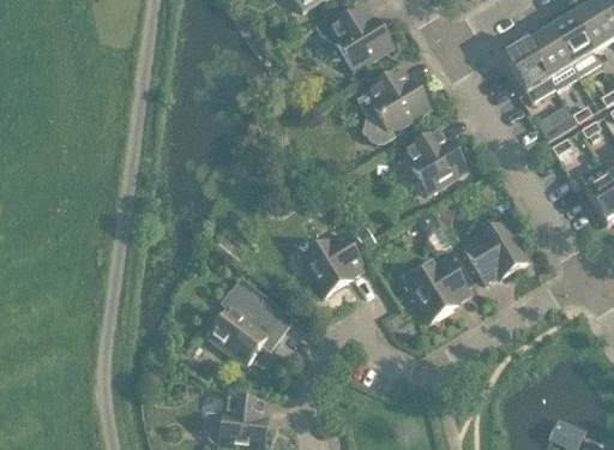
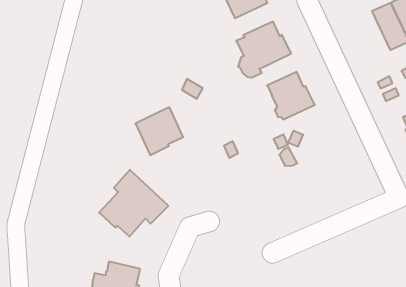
building: [504,42,554,101] -> none
building: [464,222,528,283] -> none
building: [301,232,363,295] -> [136,107,183,155]
building: [402,257,469,320] -> none

